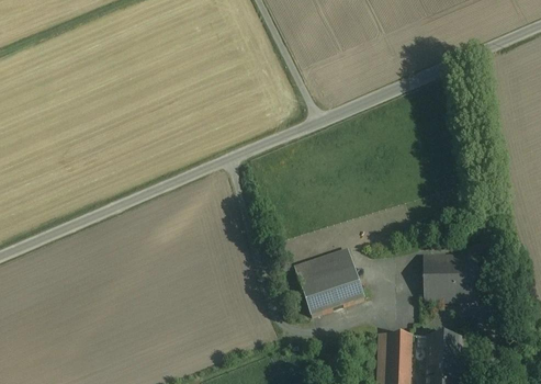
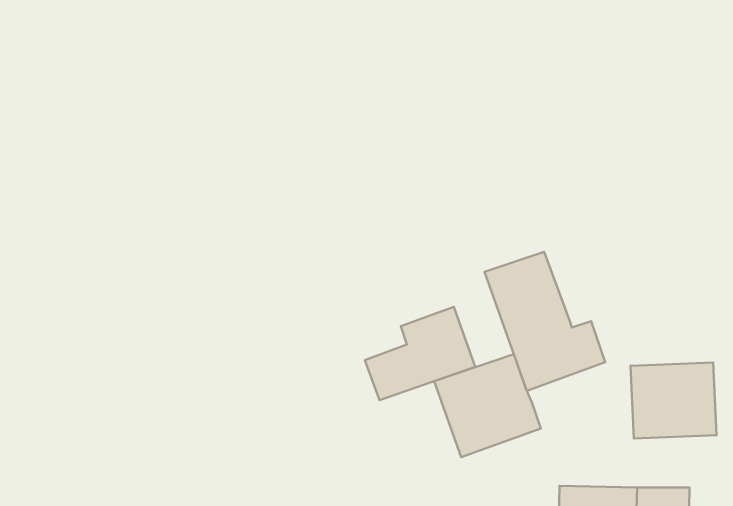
building: none -> [484,252,605,391]
building: none -> [365,307,475,400]

